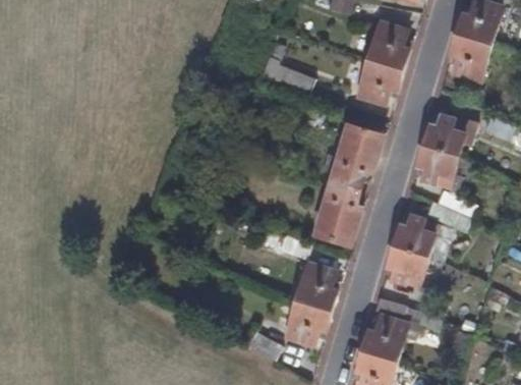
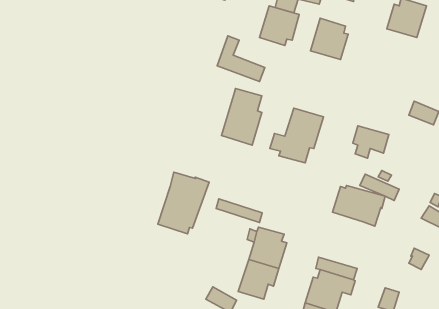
building: [447,34,490,81] -> none
building: [356,59,402,105] -> [259,6,299,45]
building: [422,114,469,156] -> none
building: [314,180,361,245] -> [221,89,262,145]
building: none -> [158,172,209,234]
building: [386,245,428,284] -> none

